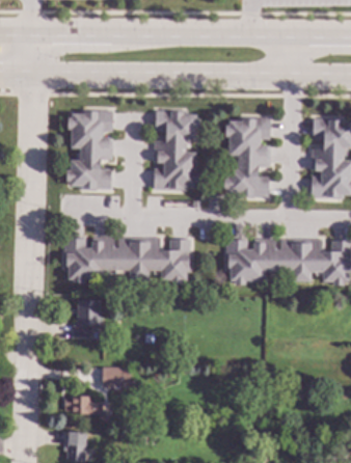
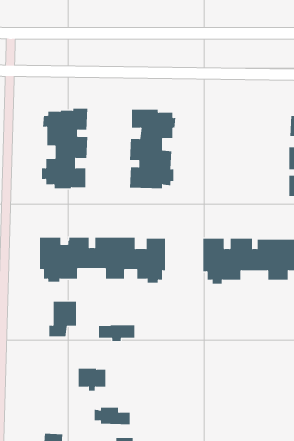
building: [224,117,271,198] -> none
building: none -> [98,324,135,342]
building: [65,397,102,414] -> [94,407,130,425]

